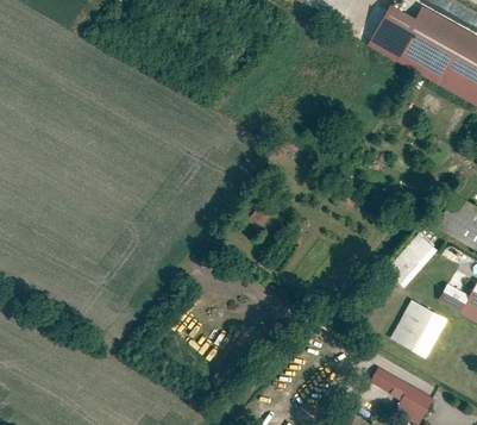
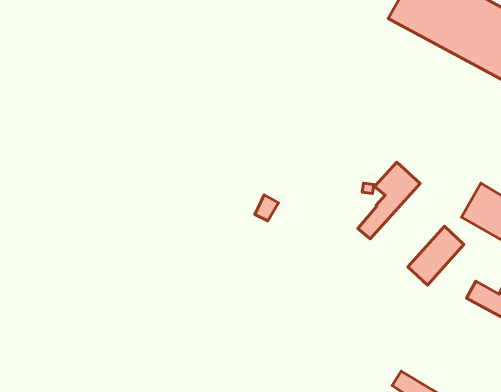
building: none -> [358,162,420,239]
building: [391,301,446,358] -> none

